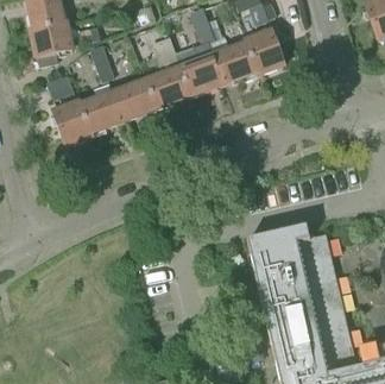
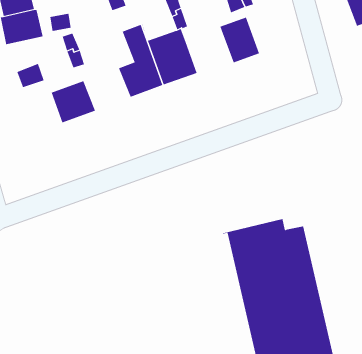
building: [212,43,255,84] -> none
building: [112,80,157,121] -> none
building: [52,101,91,146] -> none

